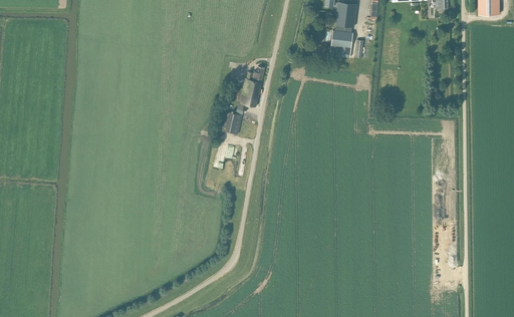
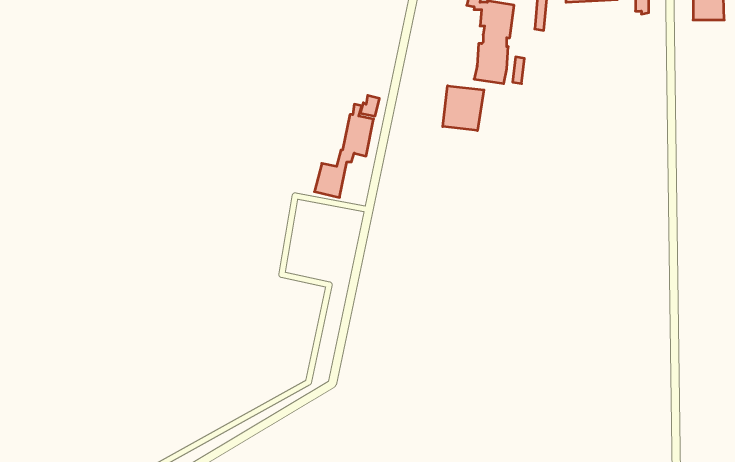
building: none -> [443,86,484,131]

